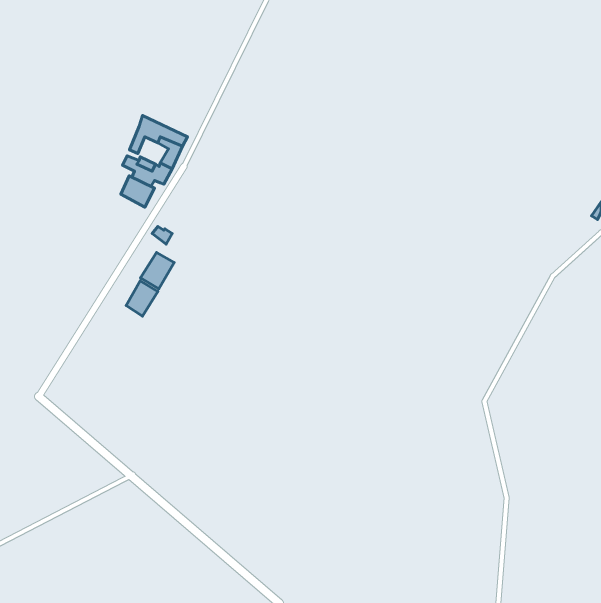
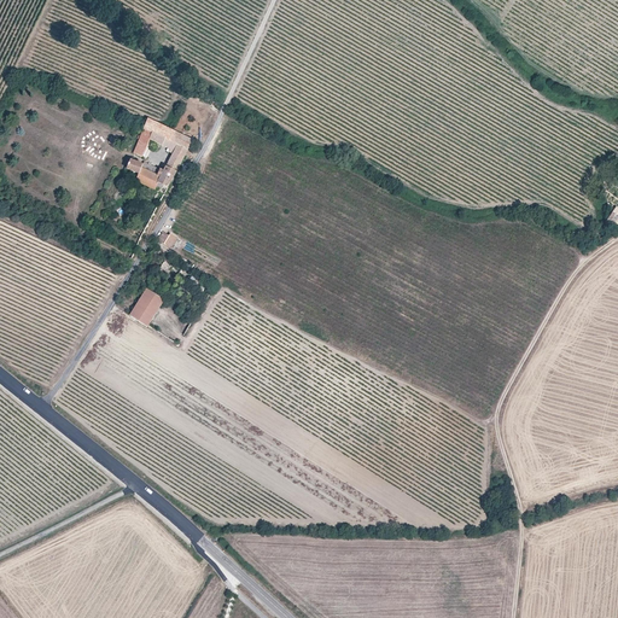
building: [121,176,154,207] -> none
building: [141,253,174,289] -> none

